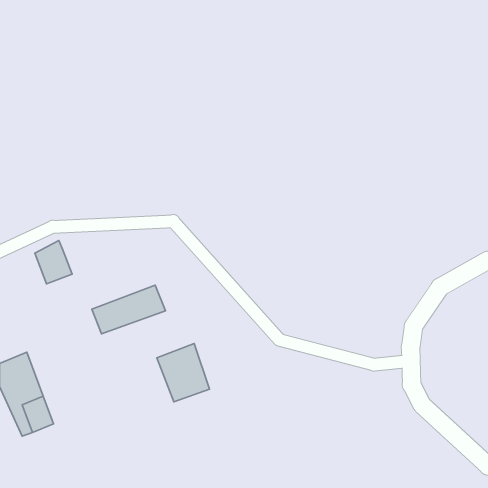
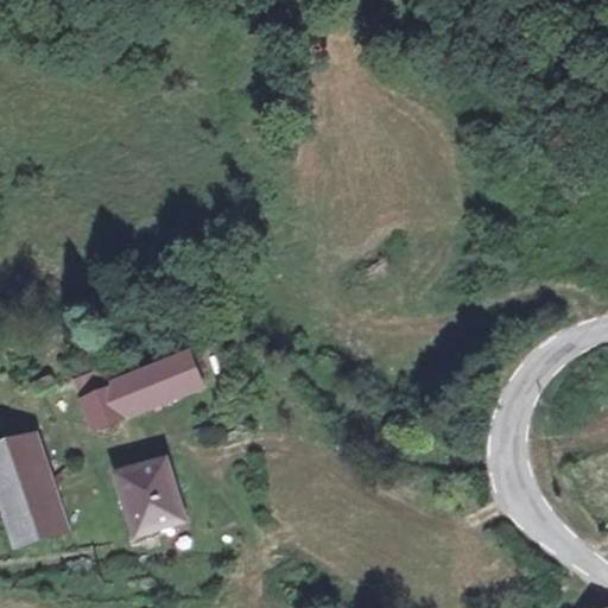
building: [35,241,72,284] -> [80,373,126,426]
building: [157,343,209,402] -> [113,462,178,534]

